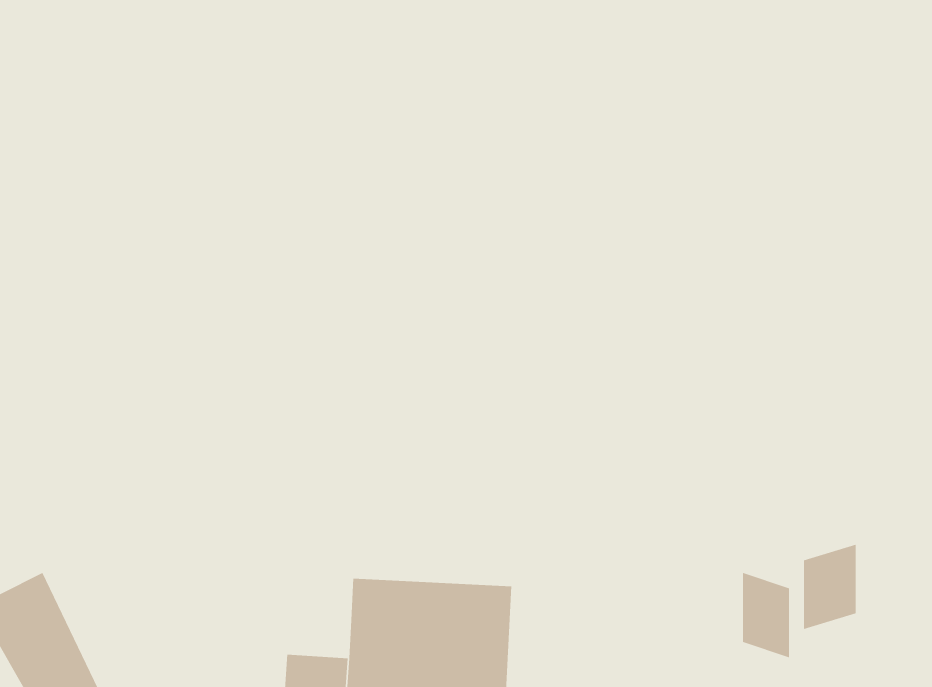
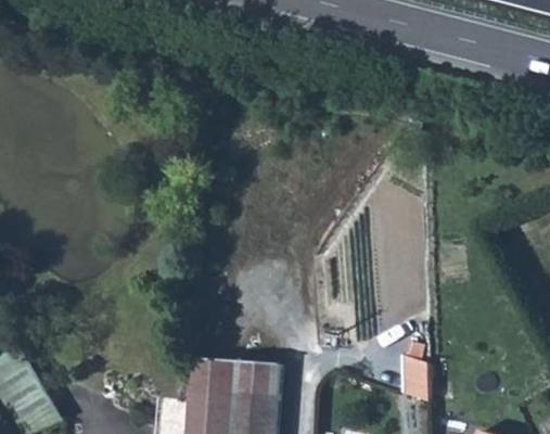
building: [803,544,856,630] -> none

